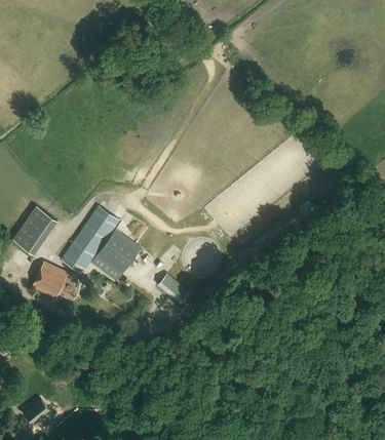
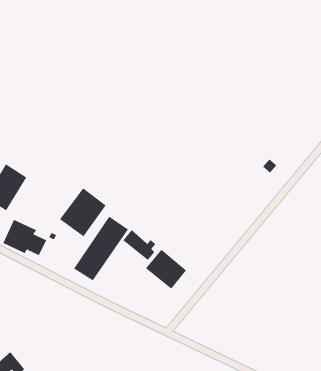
building: [61,206,118,274] -> [73,216,129,281]
building: none -> [145,249,187,290]

